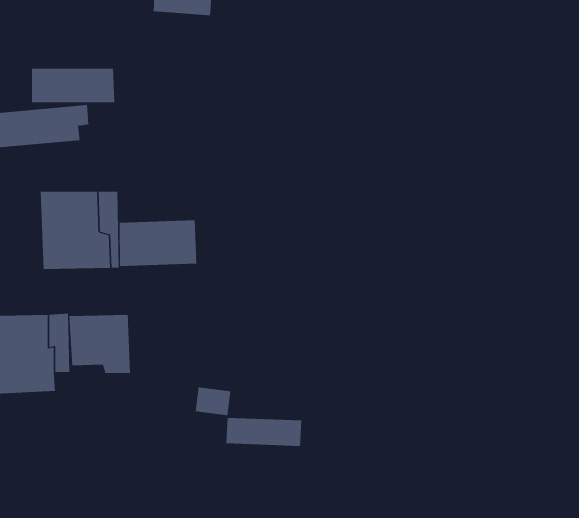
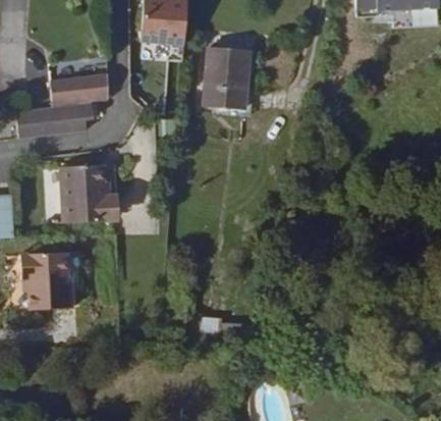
building: none -> [203,47,245,106]
building: [119,220,197,267] -> none
building: [69,314,130,374] -> none

